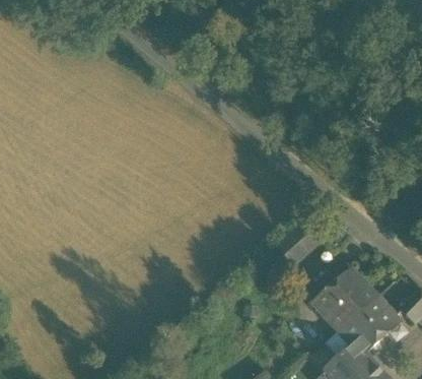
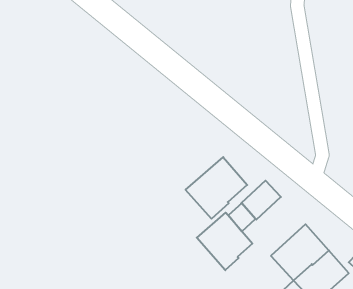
building: none -> [186,157,247,219]
building: none -> [197,213,252,270]

